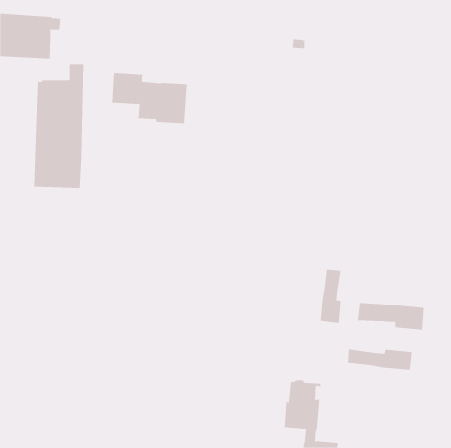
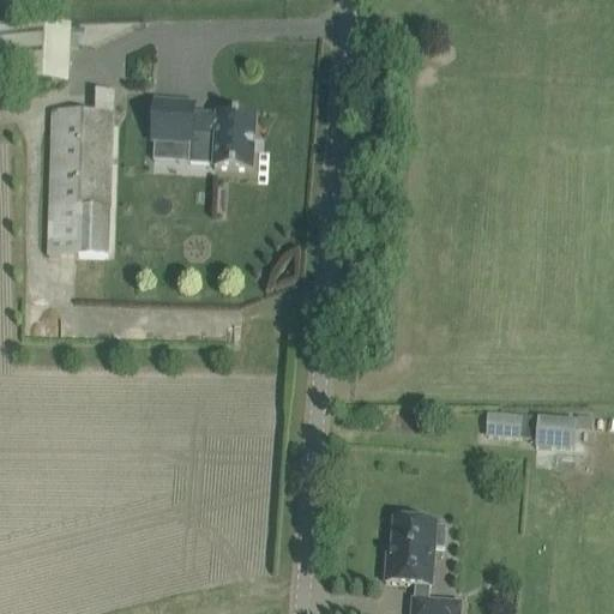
building: [320,269,341,323] -> none
building: [347,349,412,371] -> none

